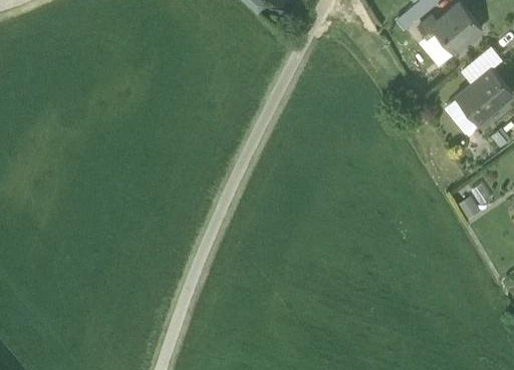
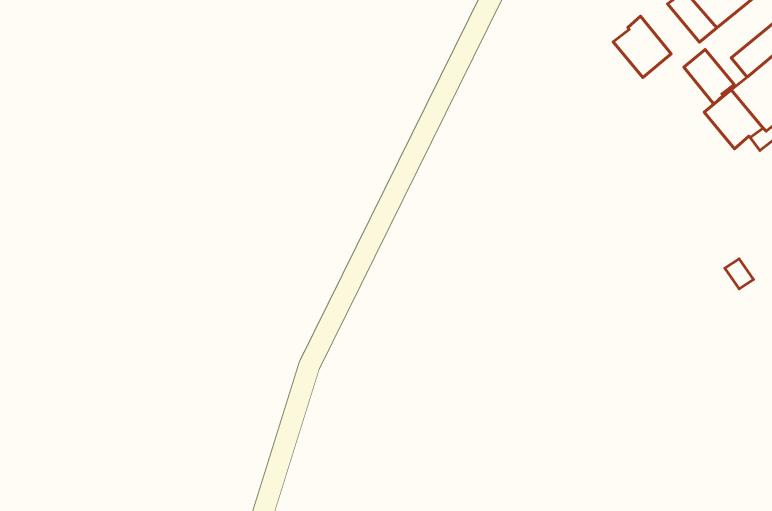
building: none -> [613,16,671,77]
building: none -> [684,49,734,104]

